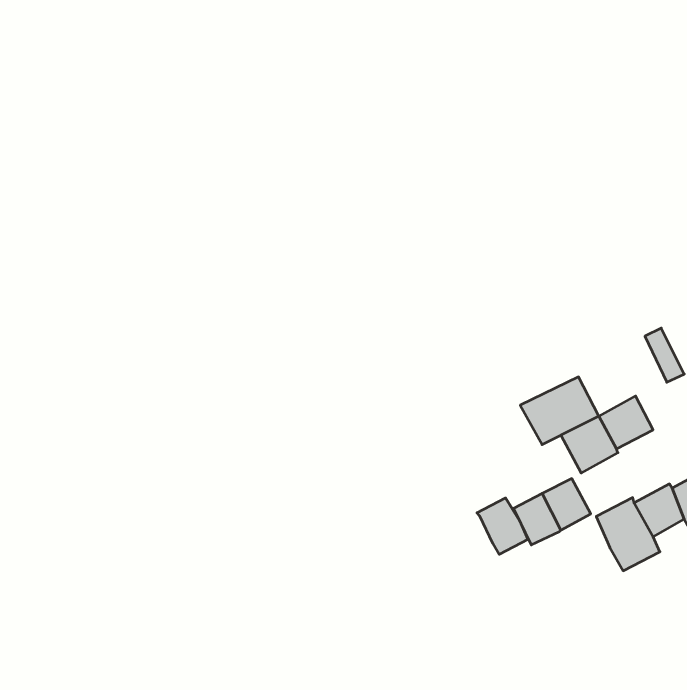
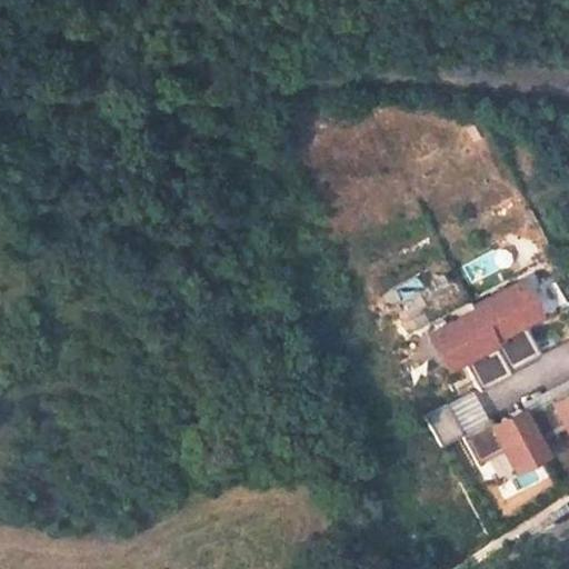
building: none -> [477,283,540,343]
building: [477,498,528,554] -> none
building: none -> [463,422,505,465]

